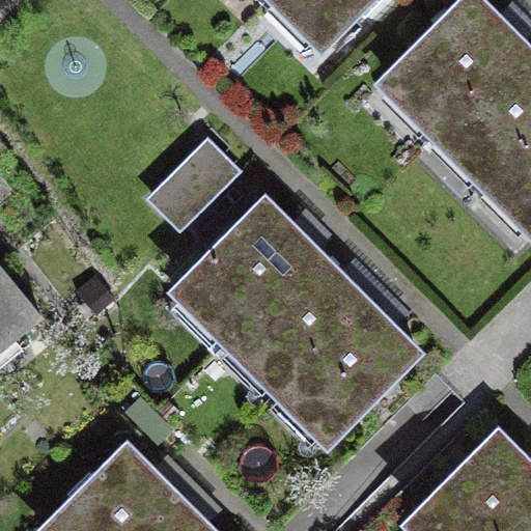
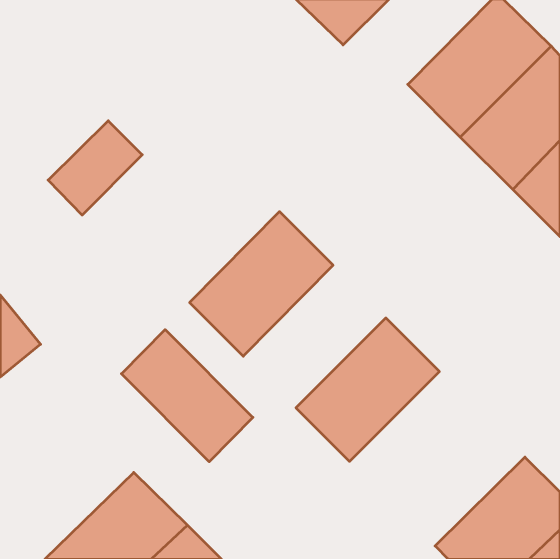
building: [149,152,239,242] -> [48,121,142,215]
building: [230,251,365,386] -> none
building: none -> [121,330,253,462]

